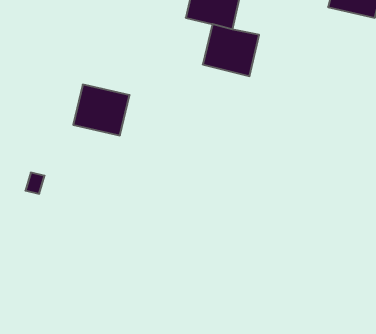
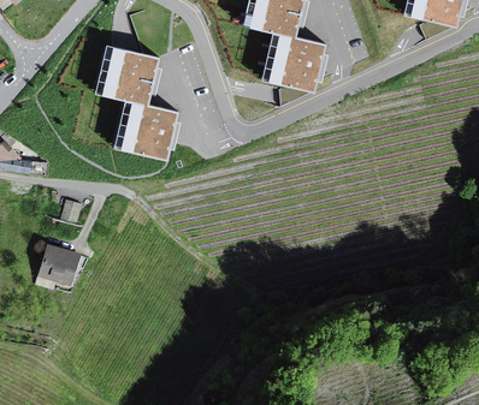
building: none -> [94,43,159,105]
building: none -> [37,242,78,284]

